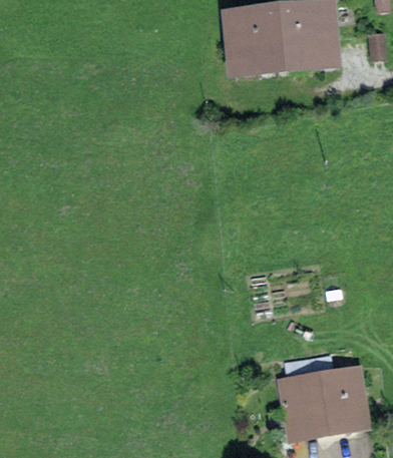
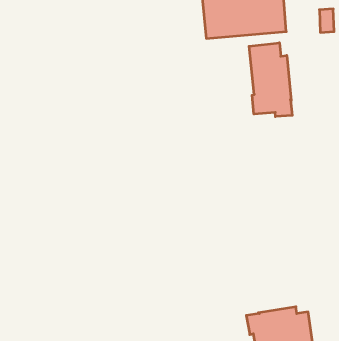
building: none -> [249,43,292,117]

